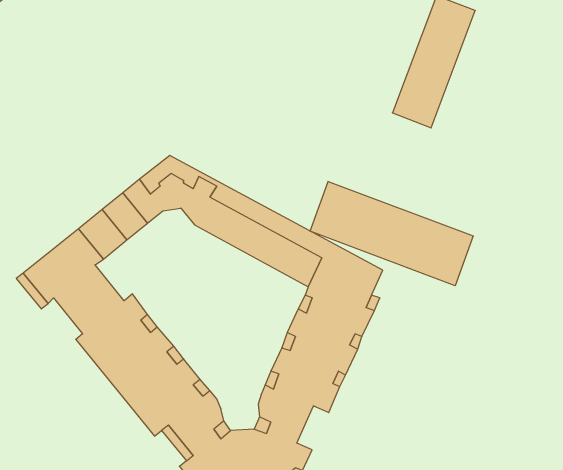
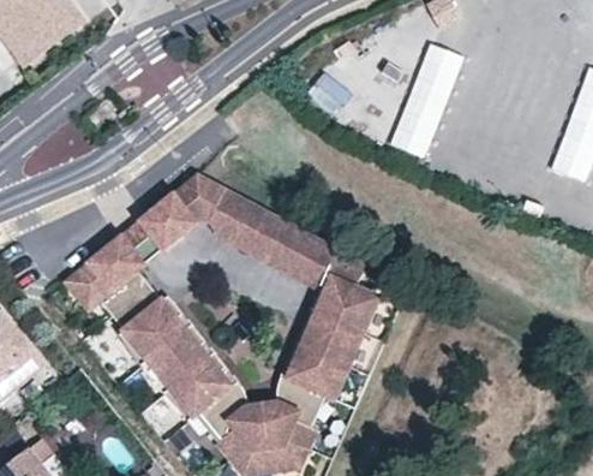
building: [310,181,473,286] -> none

